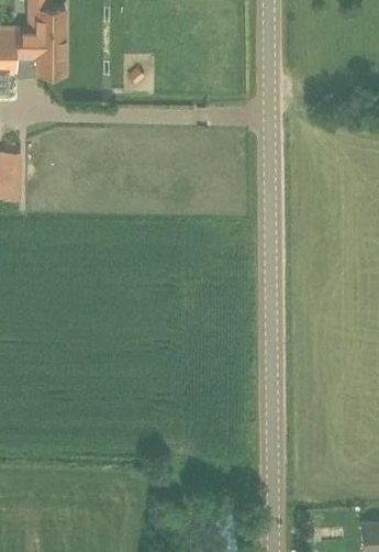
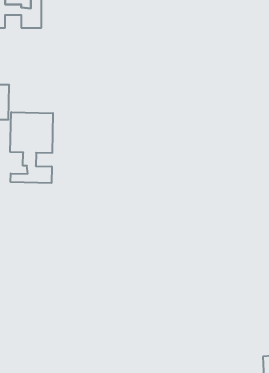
building: none -> [10,112,53,183]

